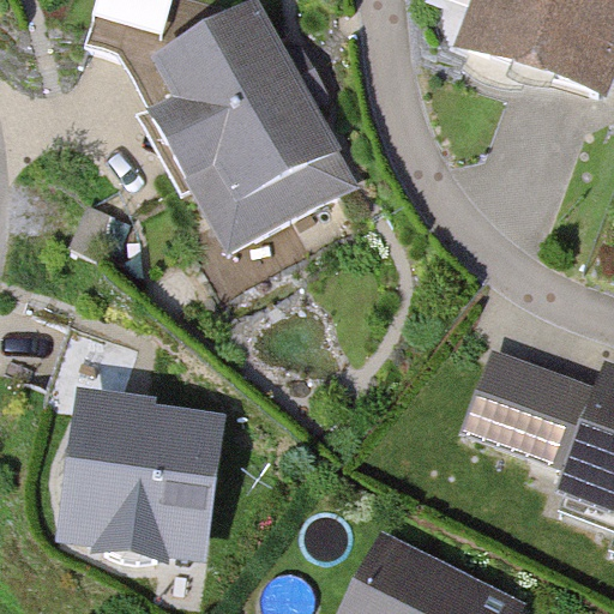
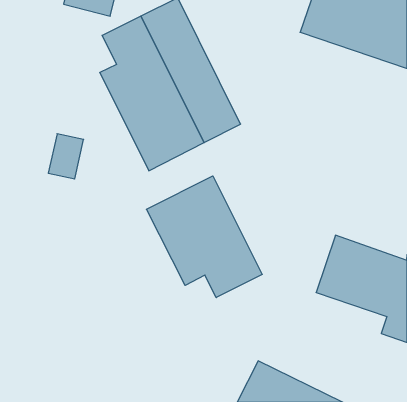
building: none -> [146,176,262,298]
building: [53,403,227,559] -> none

